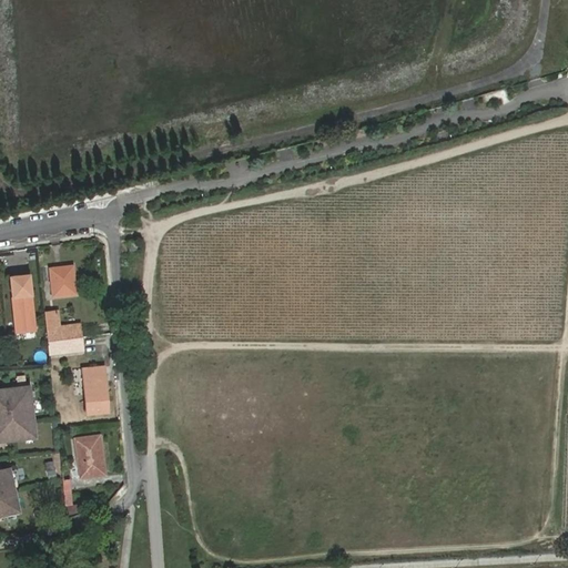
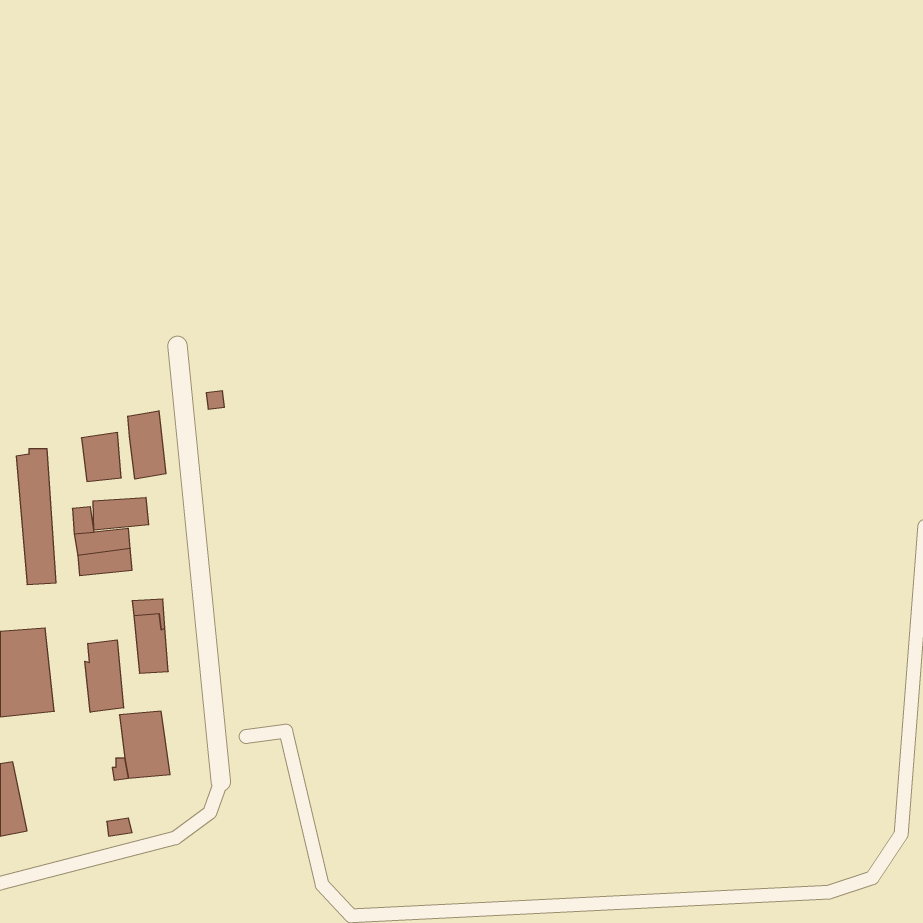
building: none -> [128,411,166,479]
building: none -> [93,497,149,530]
building: none -> [85,640,124,712]

